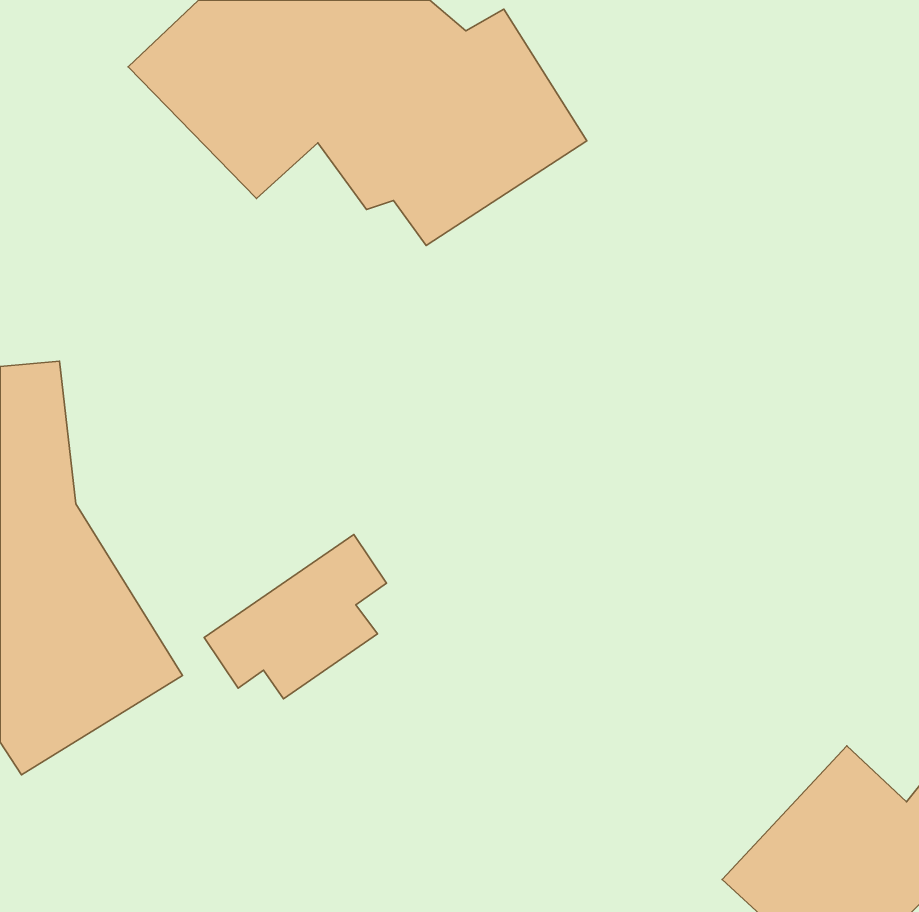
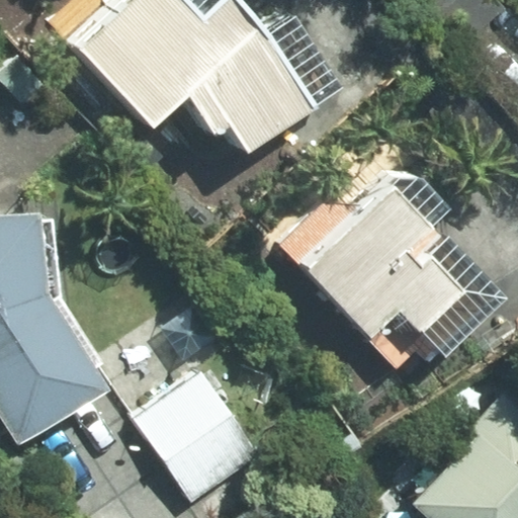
building: none -> [300,179,496,376]
building: none -> [131,375,256,504]

